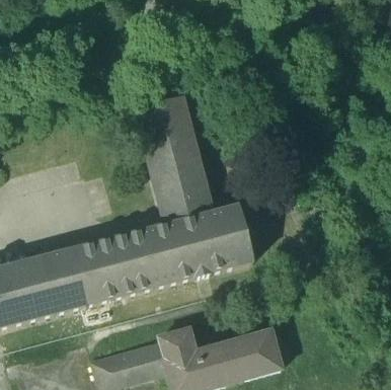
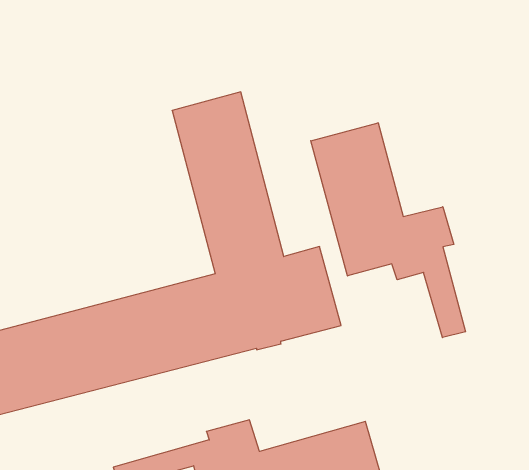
building: none -> [311,123,466,338]

